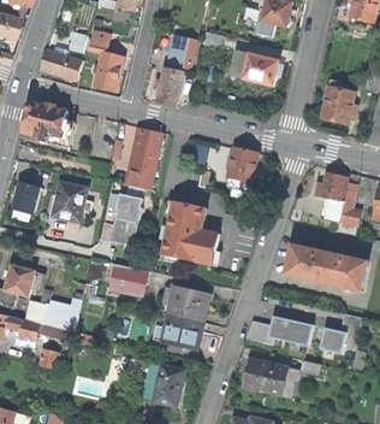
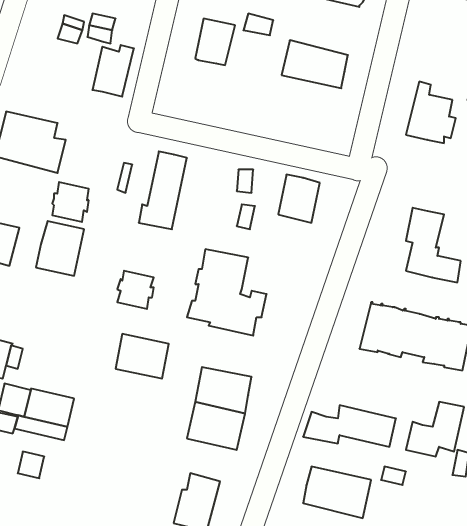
building: [41,49,83,81] -> none
building: [156,67,184,107] -> none
building: [117,194,143,223] -> [52,182,89,222]

